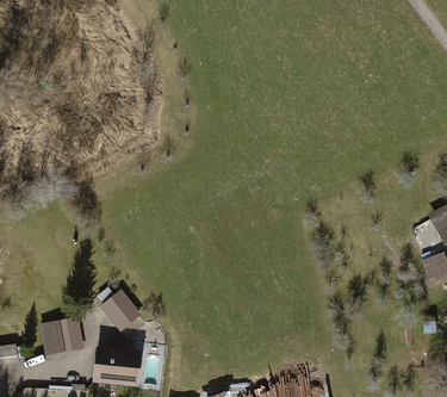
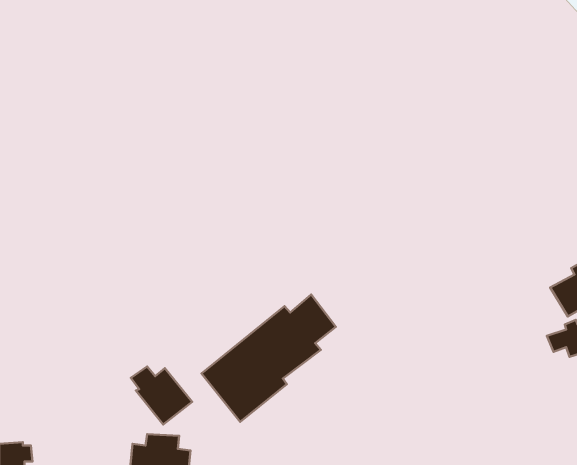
building: none -> [201,295,336,422]
building: [43,317,86,354] -> none

